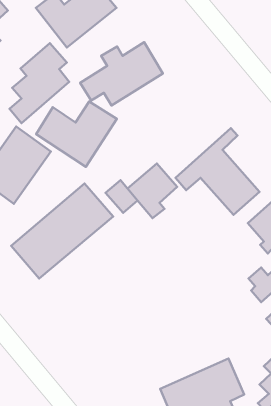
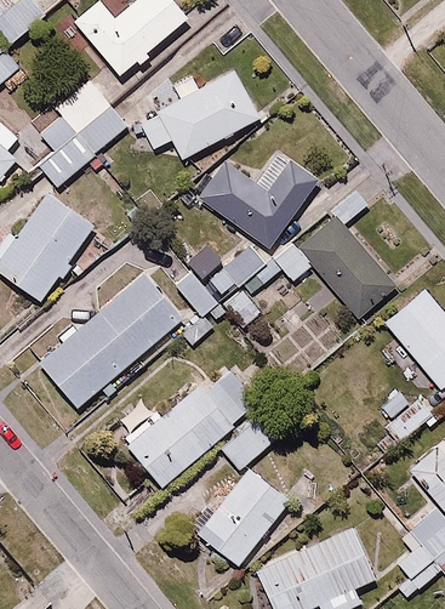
building: [36,101,117,167] -> [199,153,315,247]
building: none -> [127,359,289,491]
building: none -> [194,467,287,564]

